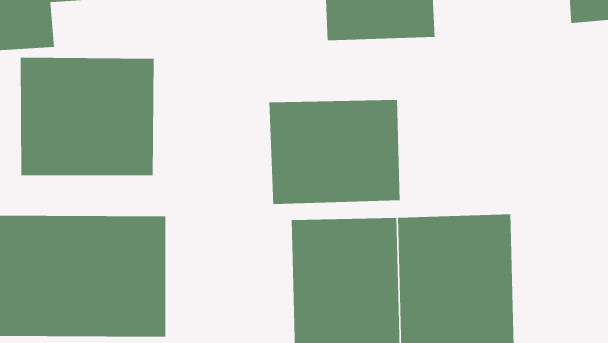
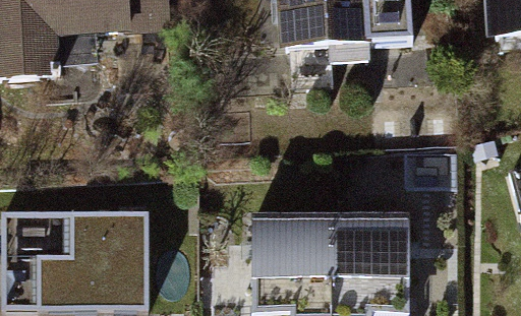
building: [20,57,154,176] -> none
building: [269,99,400,205] -> none

